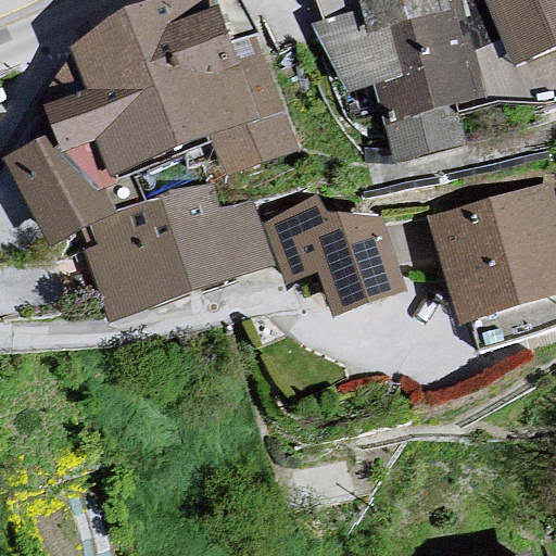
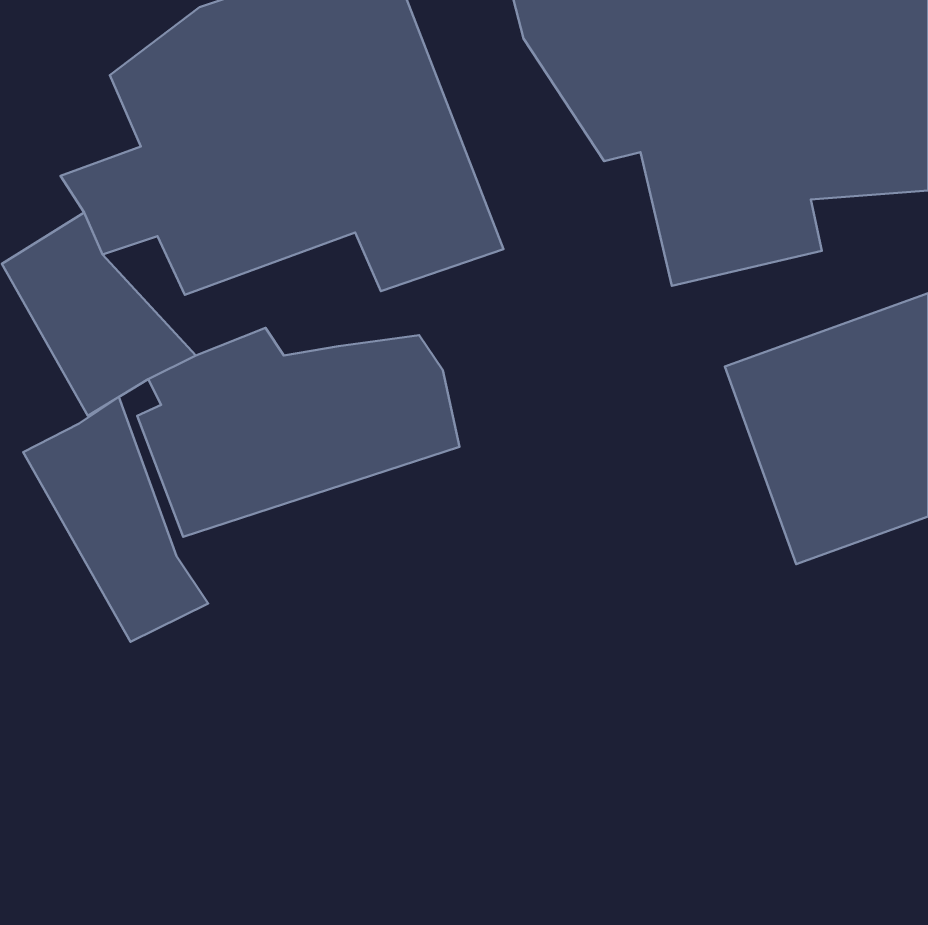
building: [263,190,407,315] -> none
building: none -> [23,397,208,642]

